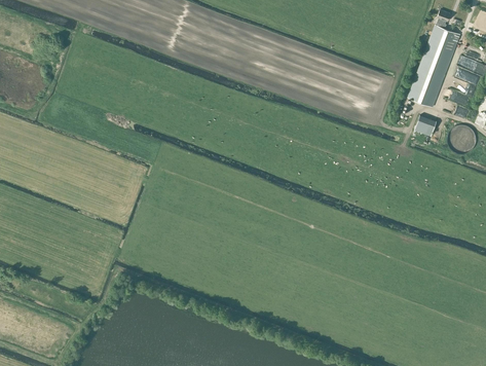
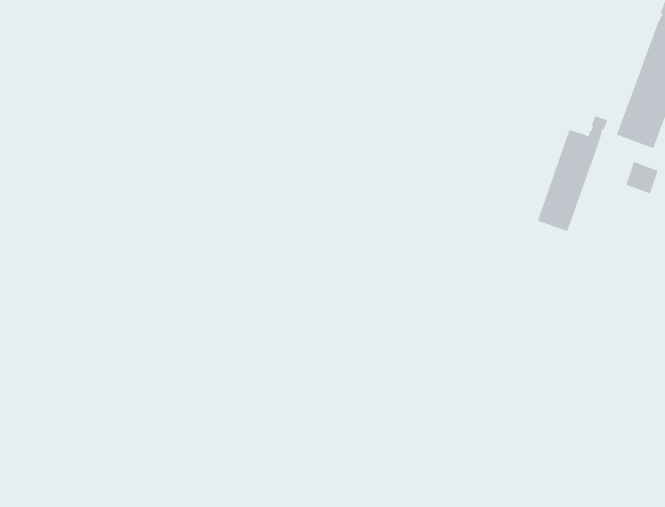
building: none -> [537,115,608,232]

